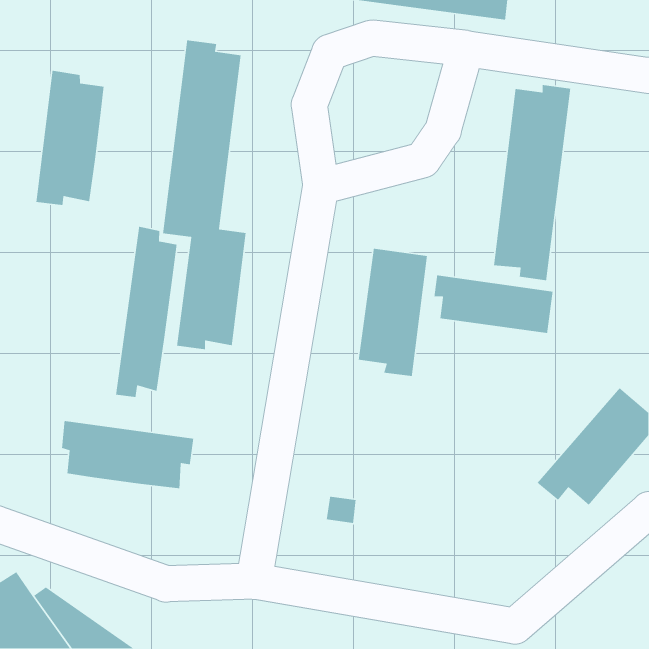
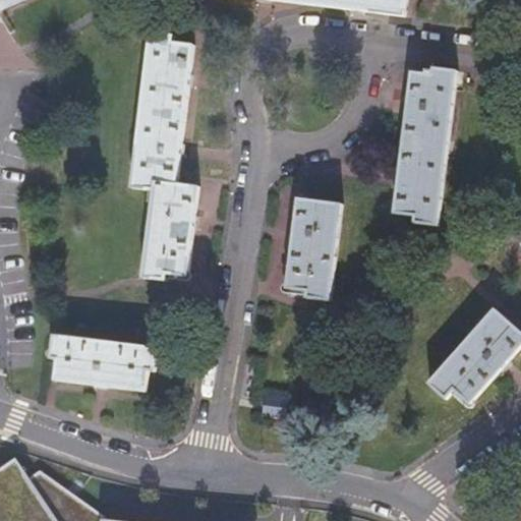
building: [35,70,104,206] -> none
building: [115,226,178,398] -> none
building: [433,274,553,334] -> none

